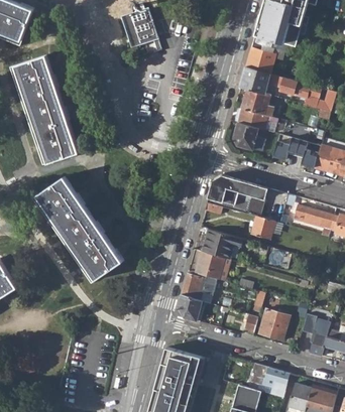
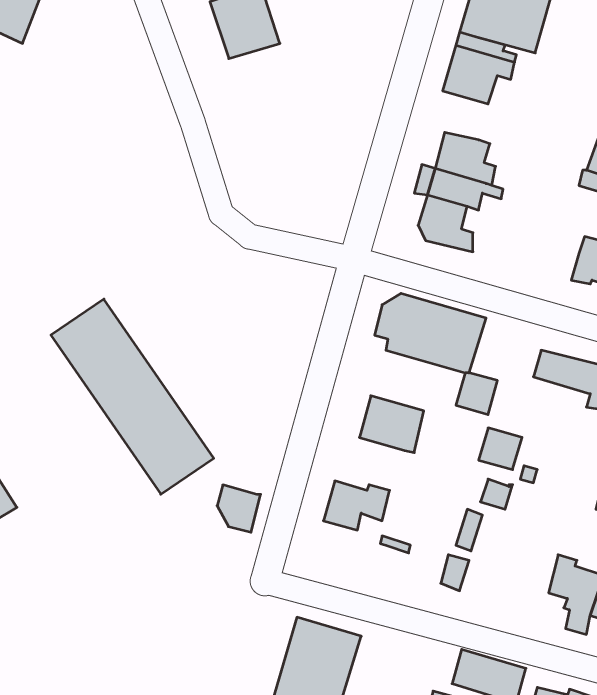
building: [14,55,77,164] -> none
building: [239,66,319,98] -> none
building: [272,138,317,167] -> none
building: [195,251,224,279] -> none
building: [178,295,201,320] -> [217,485,261,532]
building: [259,309,289,339] -> none

